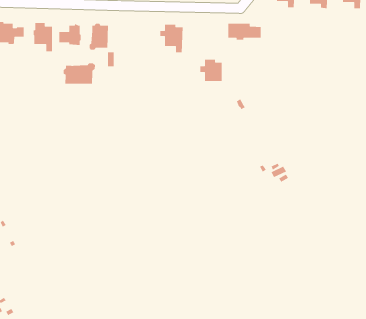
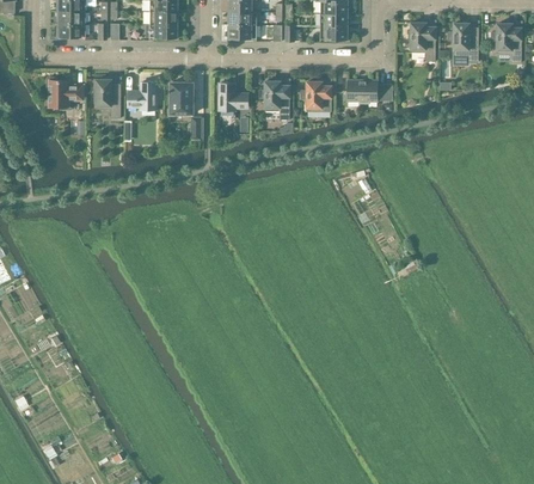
building: none -> [217,81,248,110]
building: [199,59,222,82] -> [301,81,331,111]
building: [63,63,96,85] -> none

